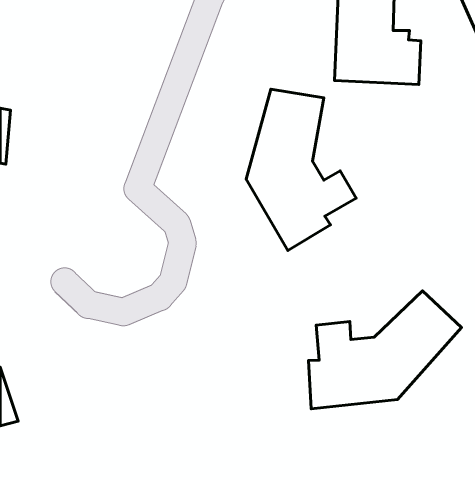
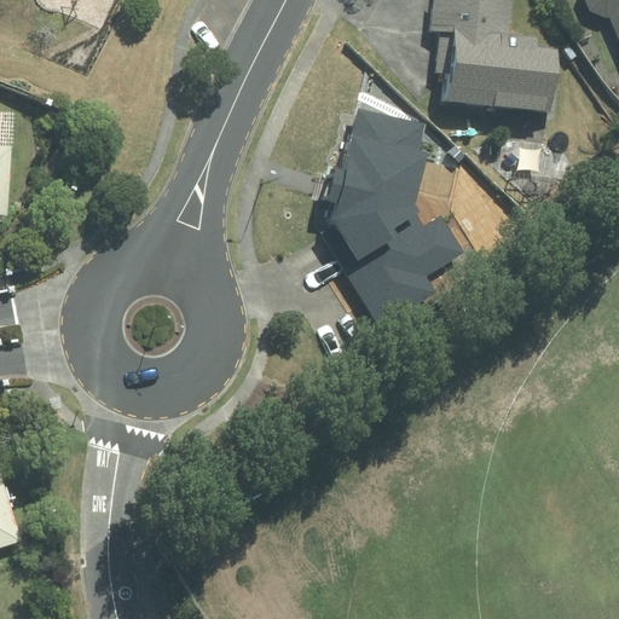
building: [308,291,461,409] -> none

